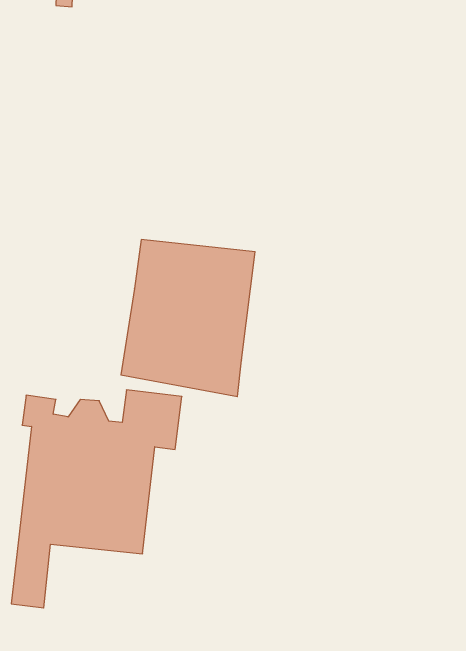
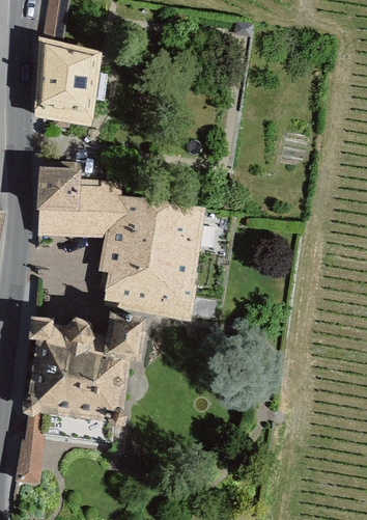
building: none -> [35,39,96,129]
building: none -> [31,171,117,237]

